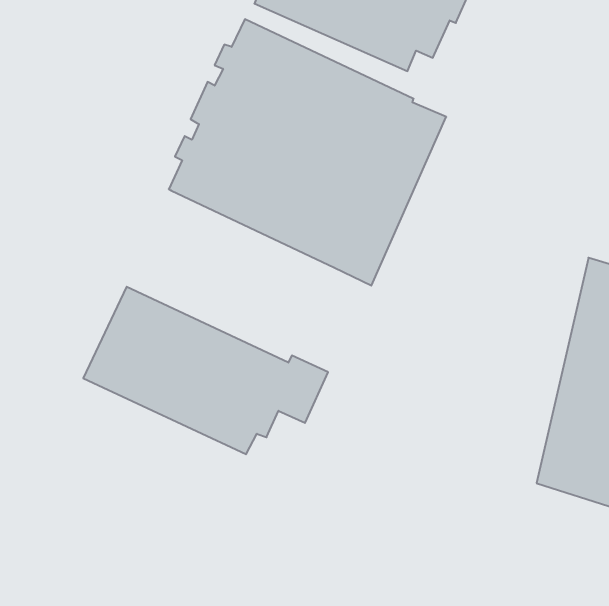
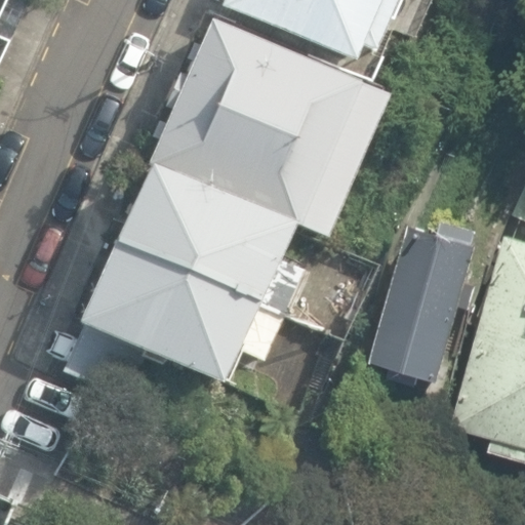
building: none -> [114,162,305,317]
building: none -> [381,211,486,368]

